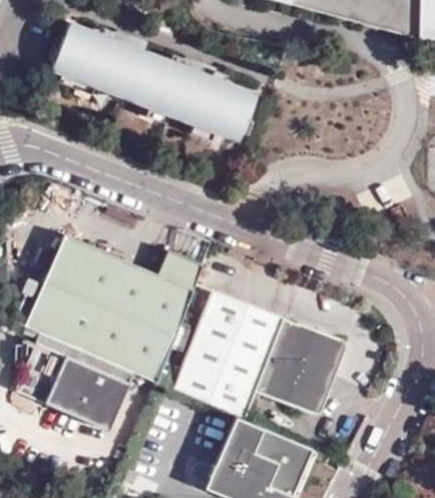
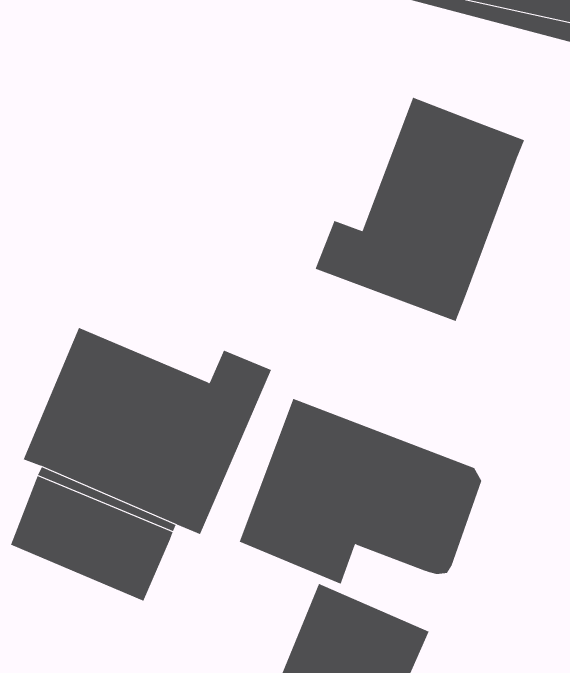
building: [55,22,259,139] -> none
building: none -> [315,97,525,322]

